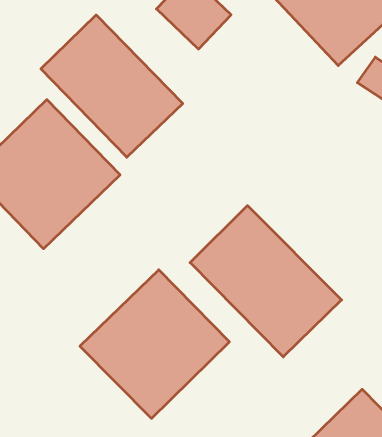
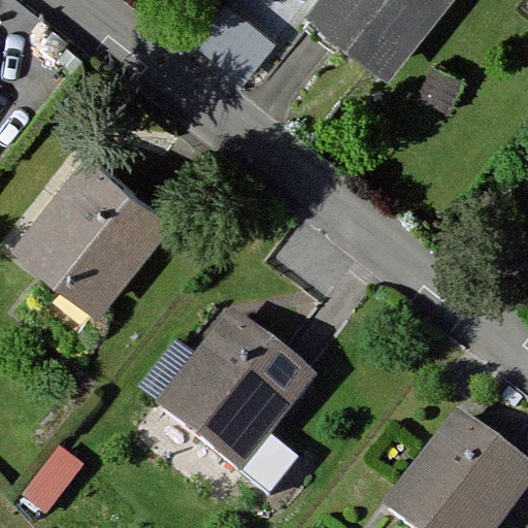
building: [41,15,183,157] -> none
building: [190,206,342,357] -> none

